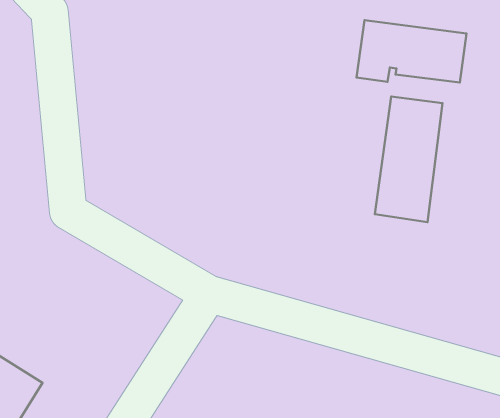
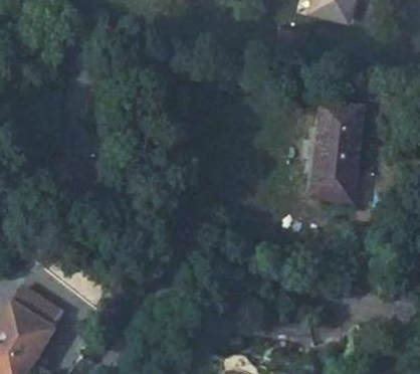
building: [356,20,466,83] -> none

